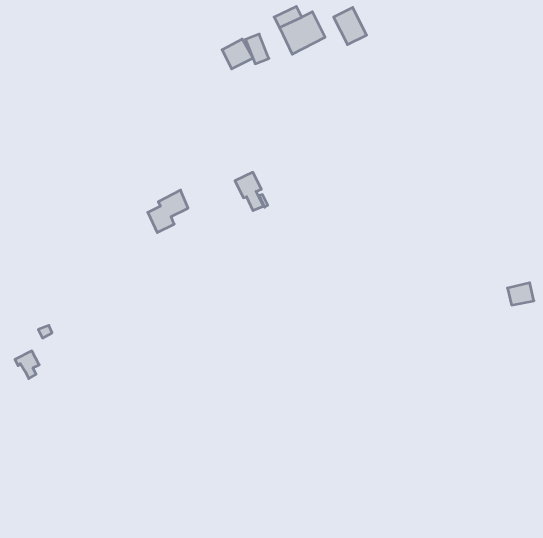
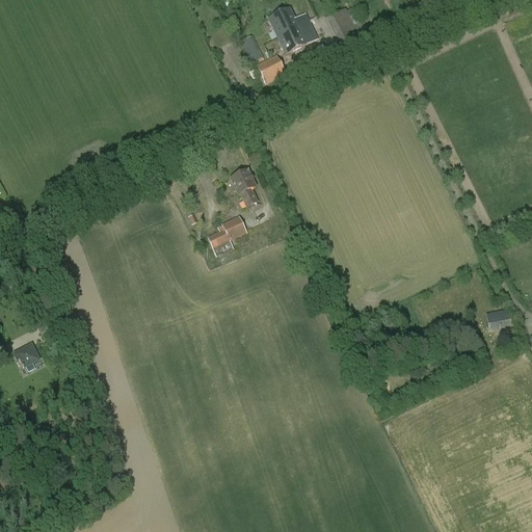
building: [222,39,253,69] -> [256,53,286,82]
building: [148,190,188,233] -> [207,213,246,255]
building: [507,283,534,305] -> [485,305,511,327]

